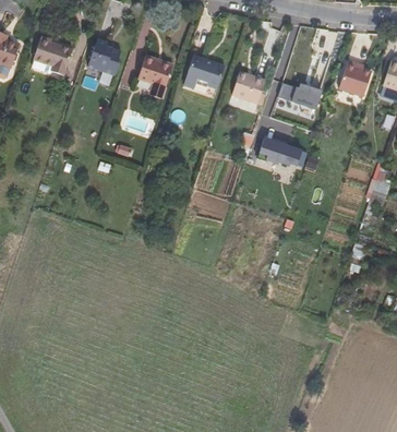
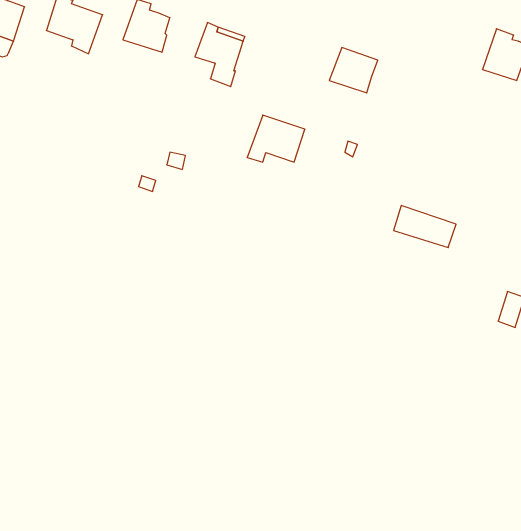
building: [183,56,224,88] -> [247,115,305,162]
building: [277,80,321,109] -> none
building: [258,136,302,166] -> [394,205,456,248]

